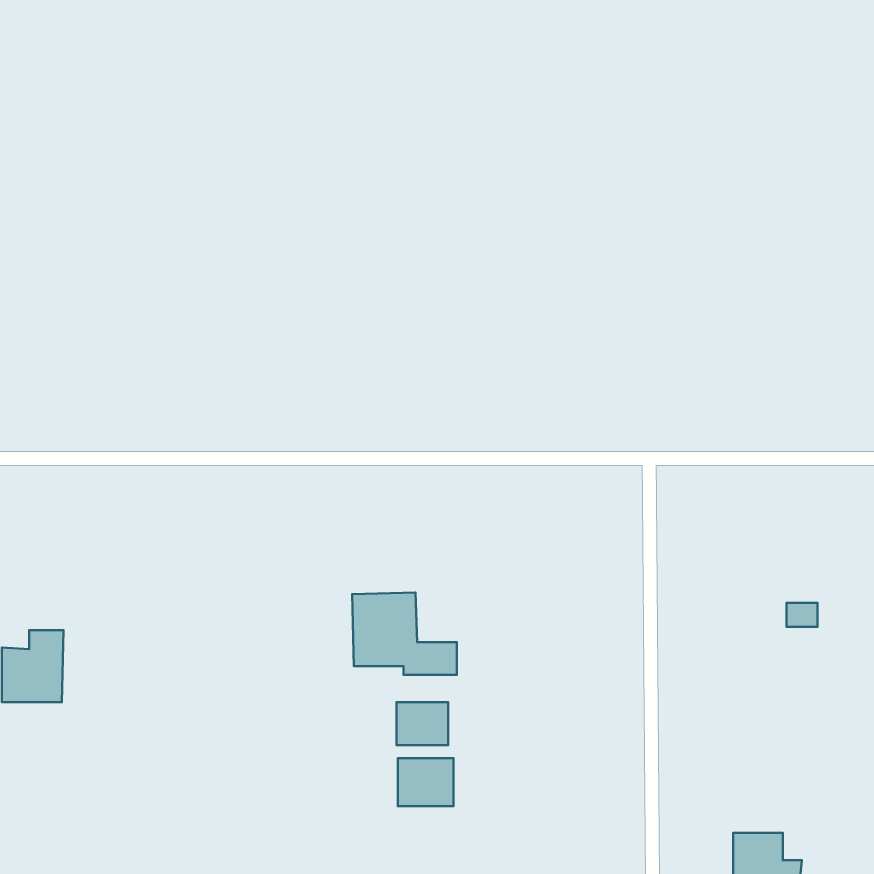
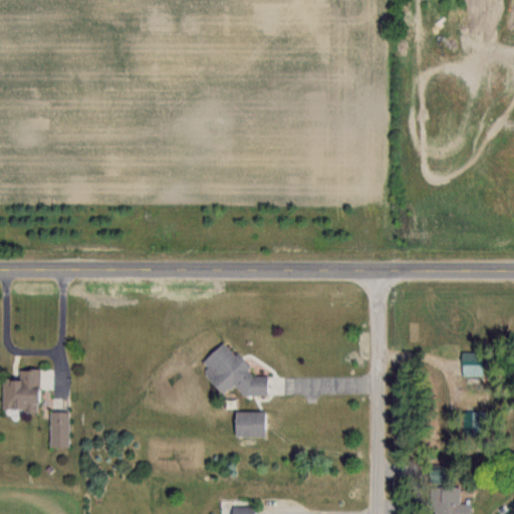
building: none -> [50,414,68,449]
building: [398,758,453,806] -> none

